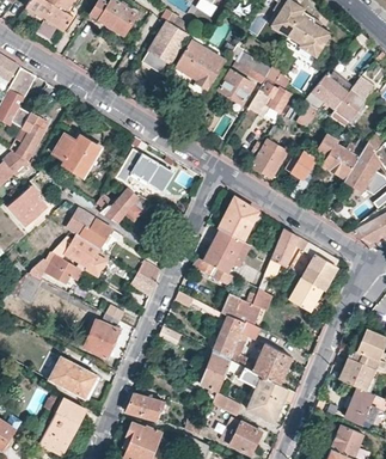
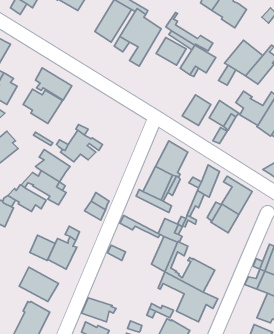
building: [127,149,172,190] -> [36,68,72,100]
building: none -> [30,235,55,260]
building: [198,351,229,392] -> none

